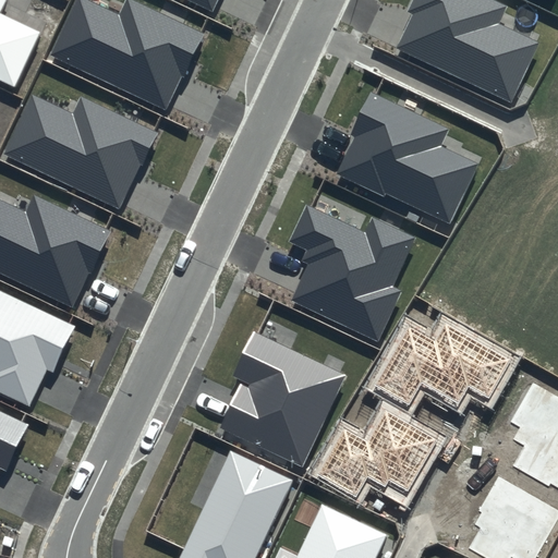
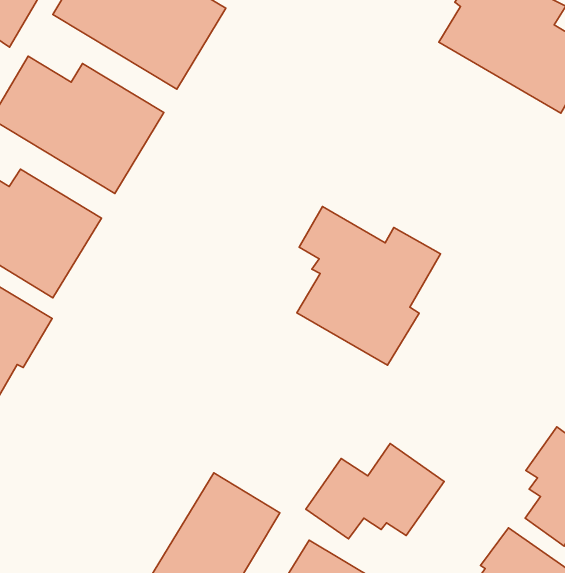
building: [335,92,476,223] -> none
building: [372,322,511,405] -> none
building: [218,331,345,468] -> none

